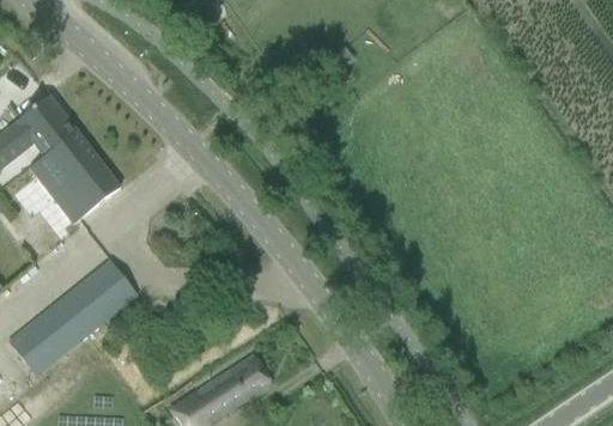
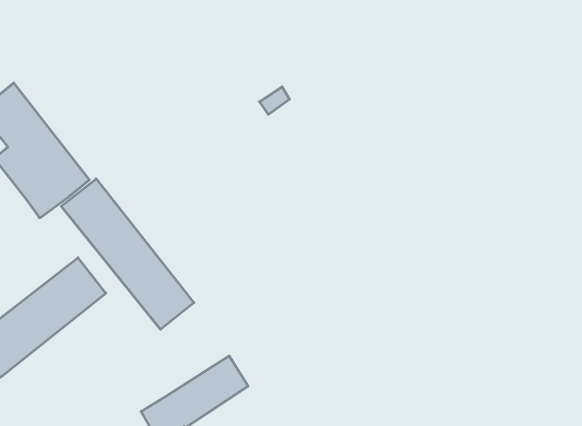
building: none -> [61,179,194,329]

